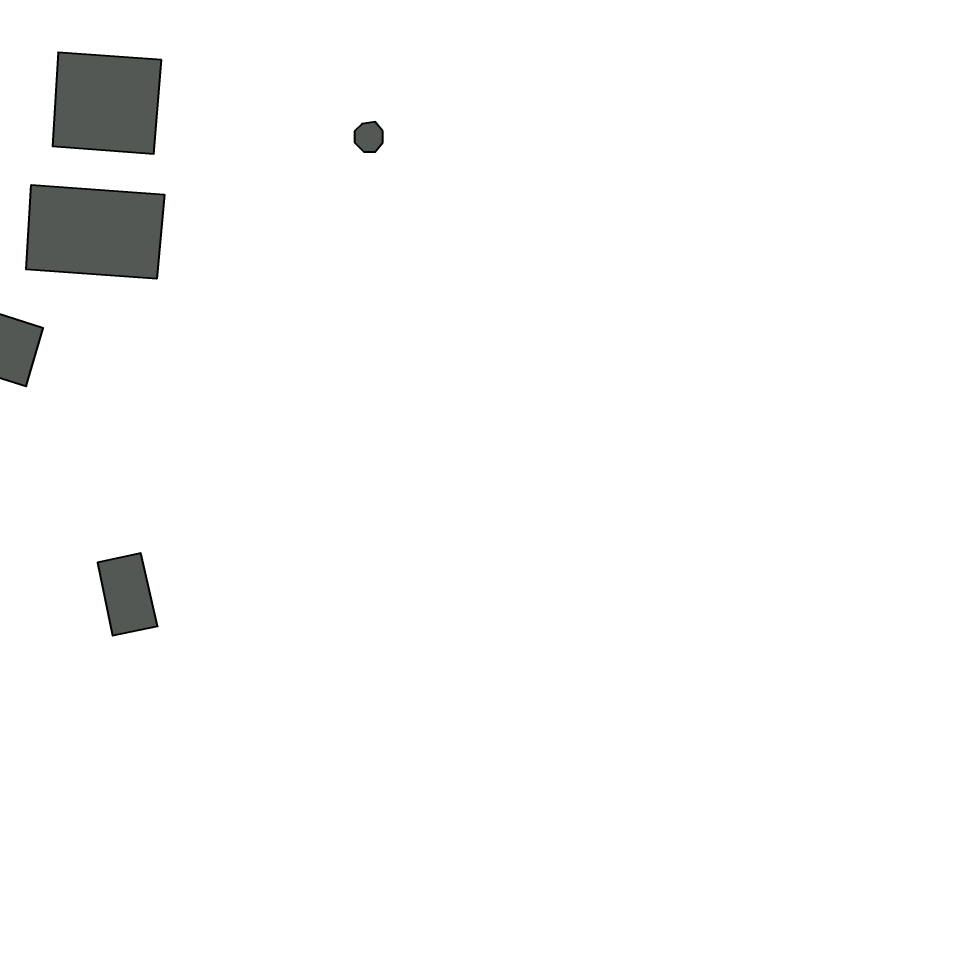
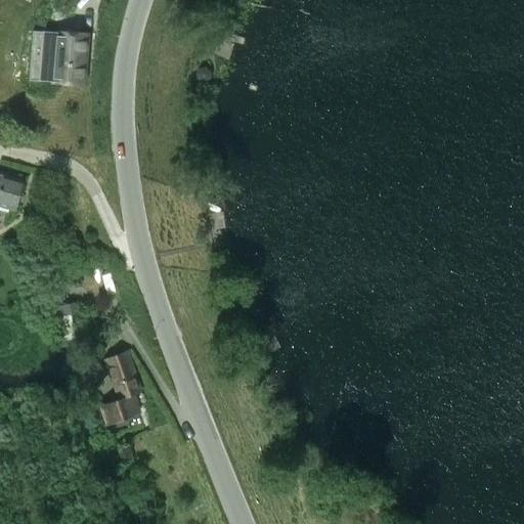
building: [26,185,164,279] -> none
building: none -> [100,351,141,423]

